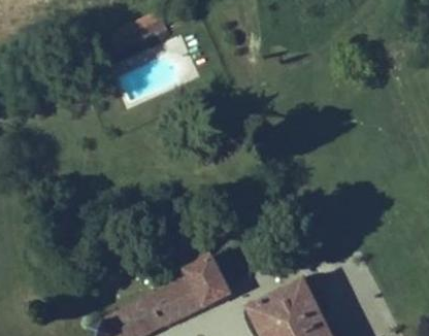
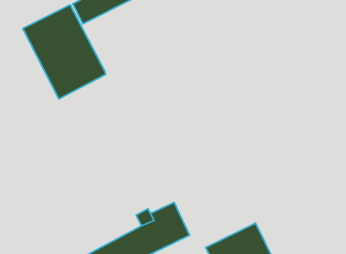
building: none -> [23,5,105,99]

